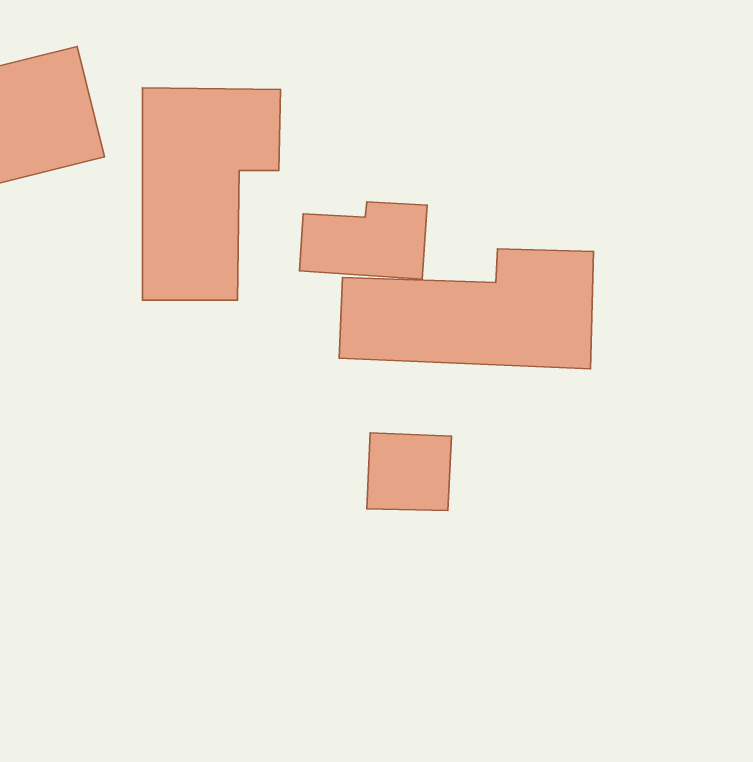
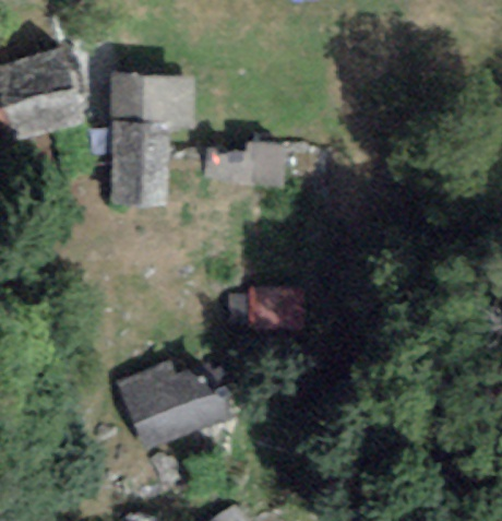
building: [339,249,594,369] -> none
building: none -> [119,360,236,460]

